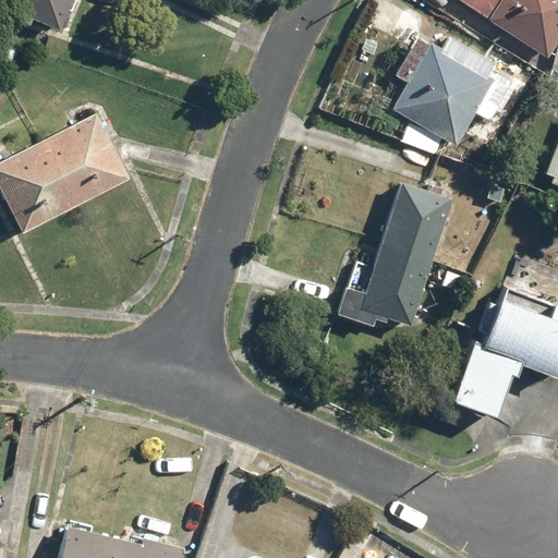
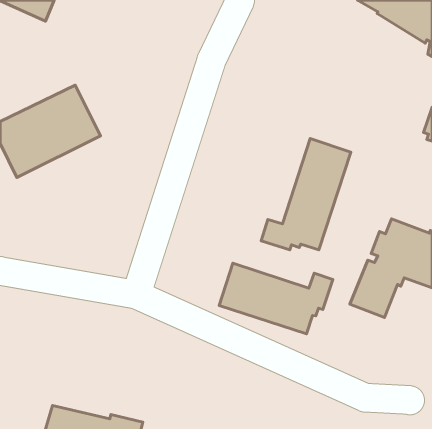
building: [393,35,514,145] -> none
building: none -> [219,263,333,334]

